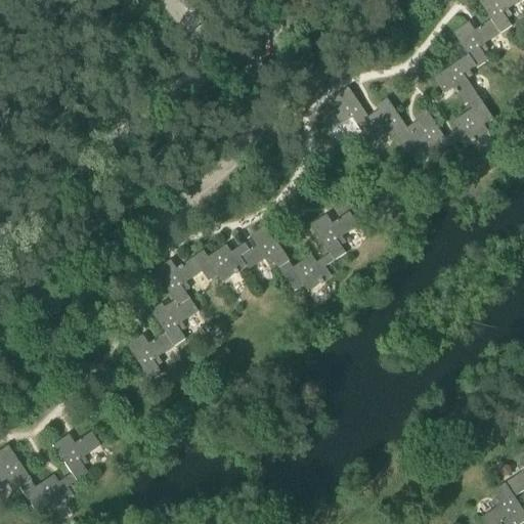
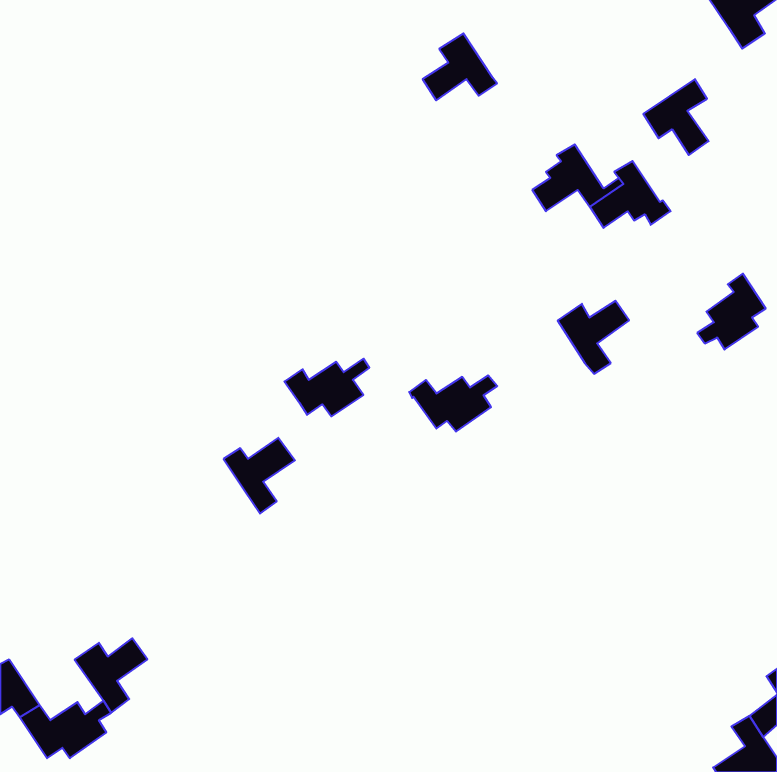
building: [452,18,499,67] -> none
building: [320,86,370,131] -> [423,33,497,100]
building: [446,95,492,146] -> [697,274,766,350]
building: [310,211,358,260] -> [558,301,629,374]
building: [237,224,287,269] -> none
building: [155,257,202,309] -> none
building: [127,331,175,379] -> none

